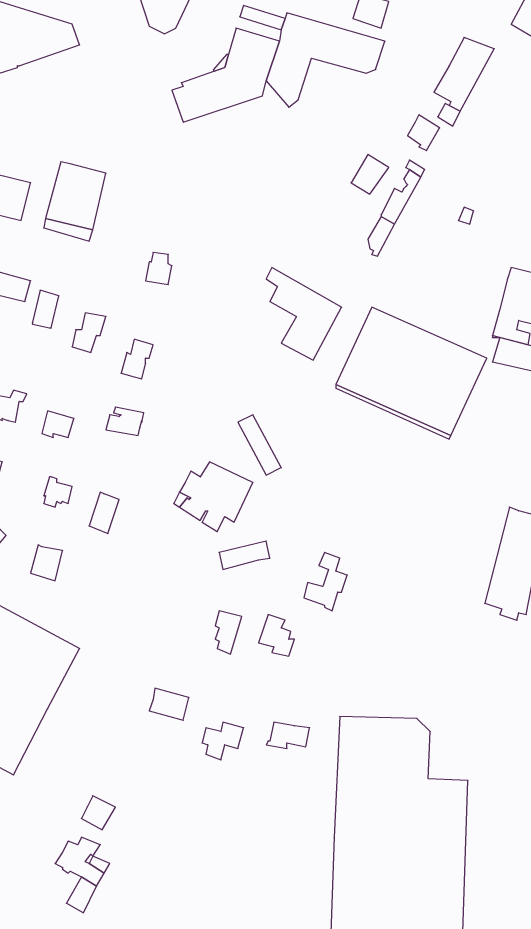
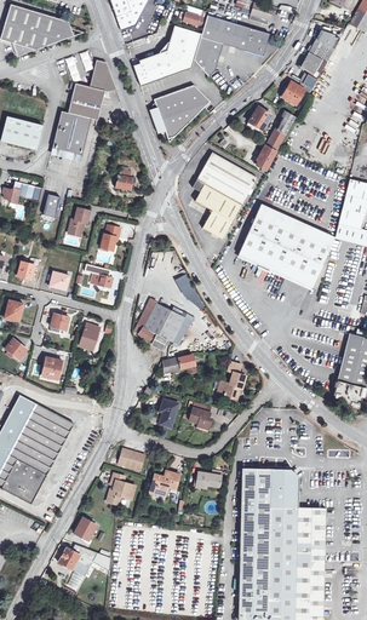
building: none -> [68,61,116,120]
building: none -> [150,85,211,139]
building: none -> [197,151,258,205]
building: none -> [107,473,136,507]

